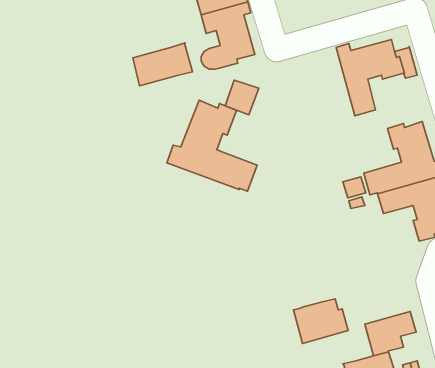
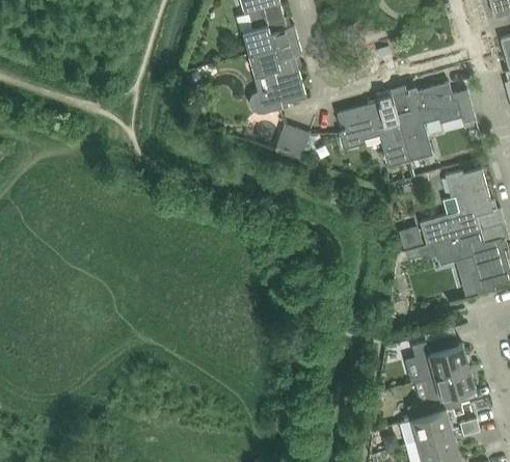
building: [133,43,192,86] -> none
building: none -> [335,90,410,168]
building: [167,100,257,191] -> none
building: [294,299,348,343] -> [411,334,468,381]

